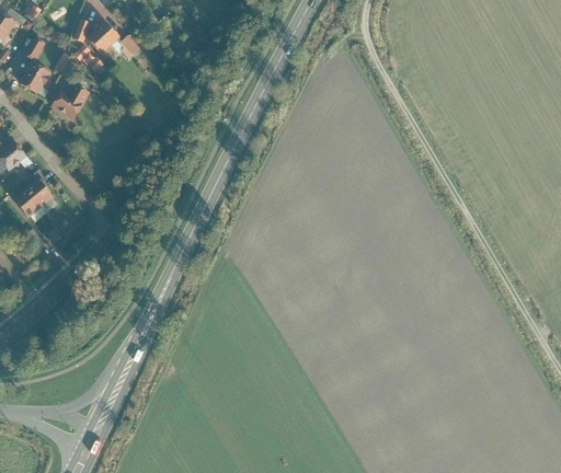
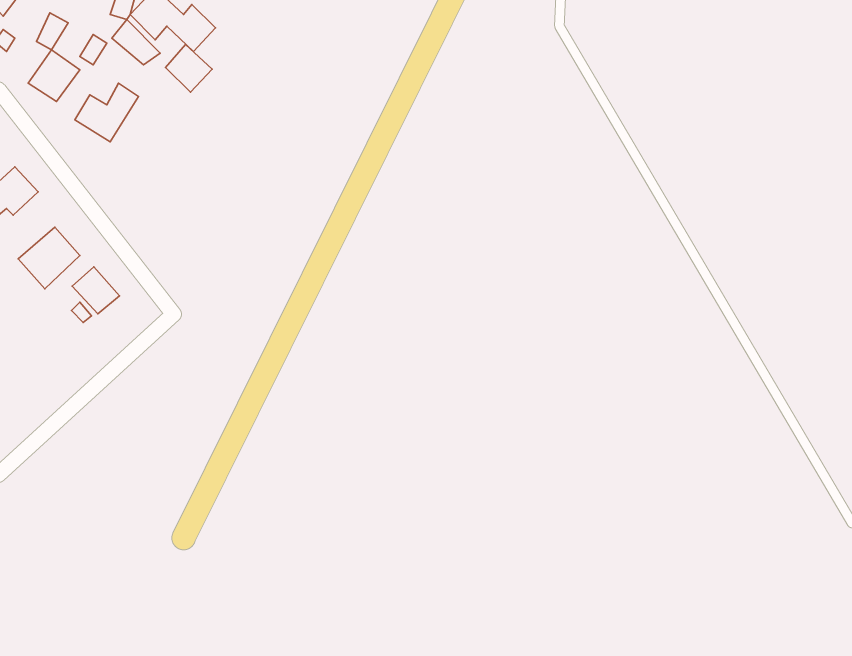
building: none -> [165,44,212,92]
building: none -> [72,267,120,314]

